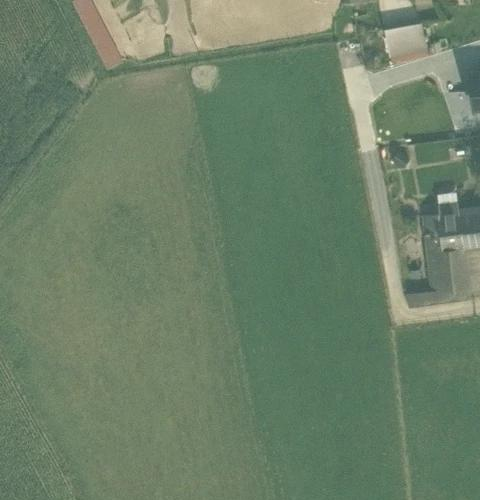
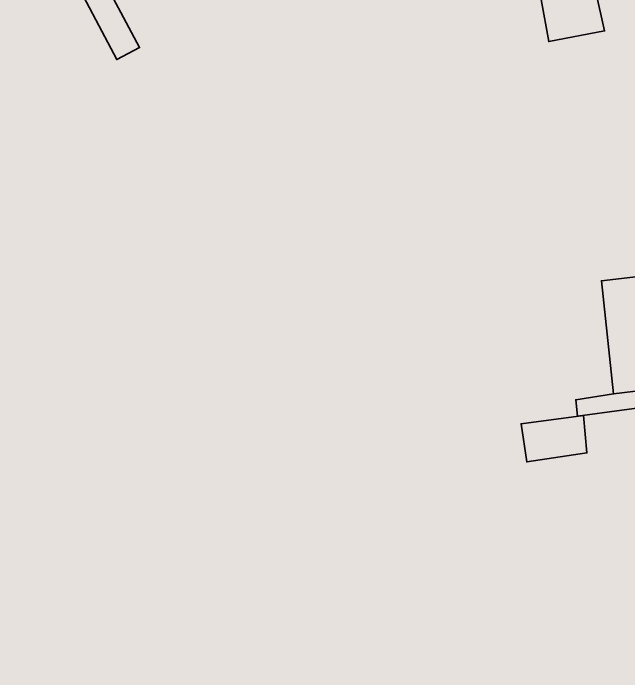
building: none -> [521,415,587,462]

